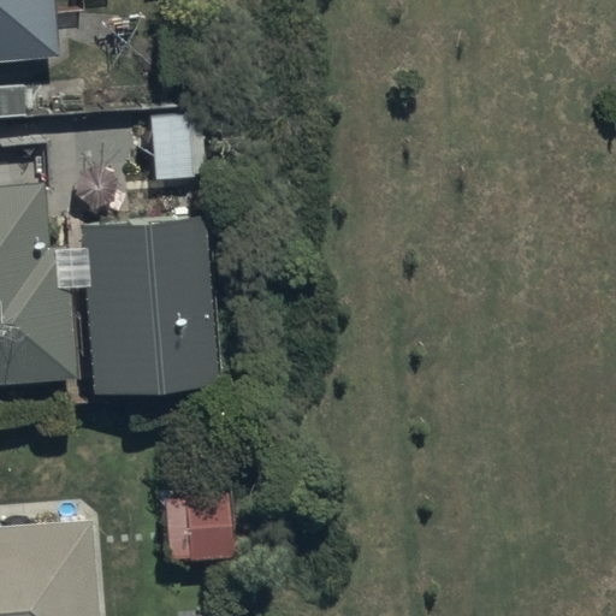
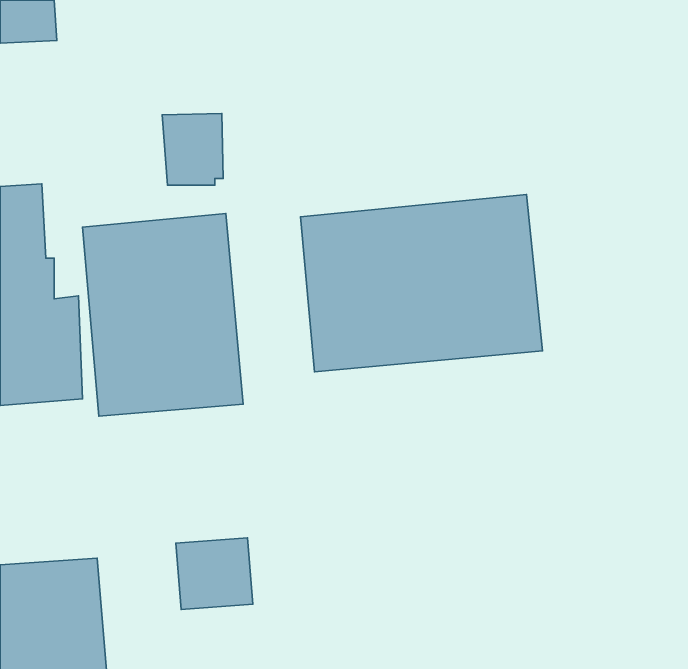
building: none -> [301,195,542,372]

